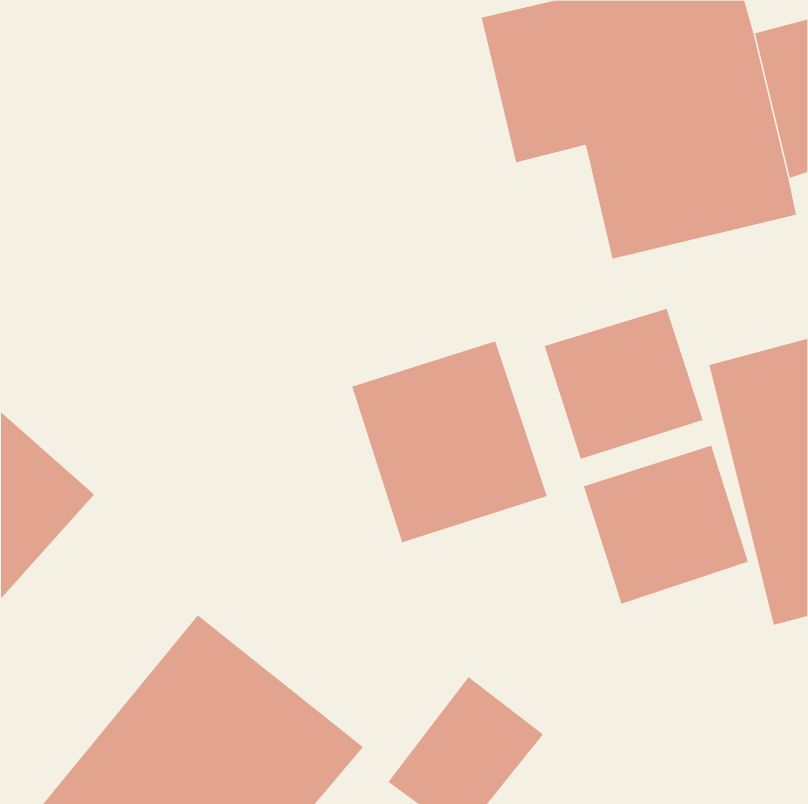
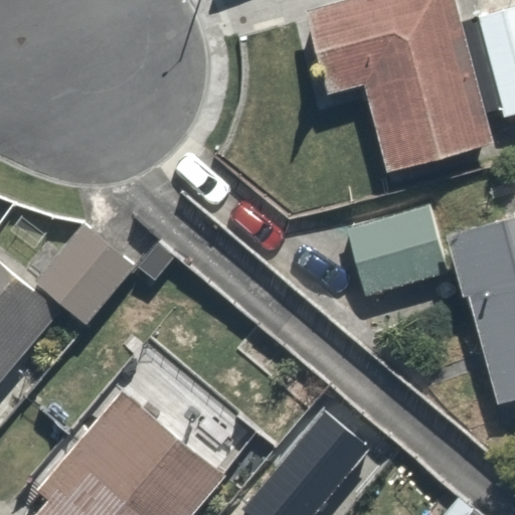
building: none -> [38,217,143,323]
building: [351,341,548,543] -> none
building: [583,445,749,604] -> none

